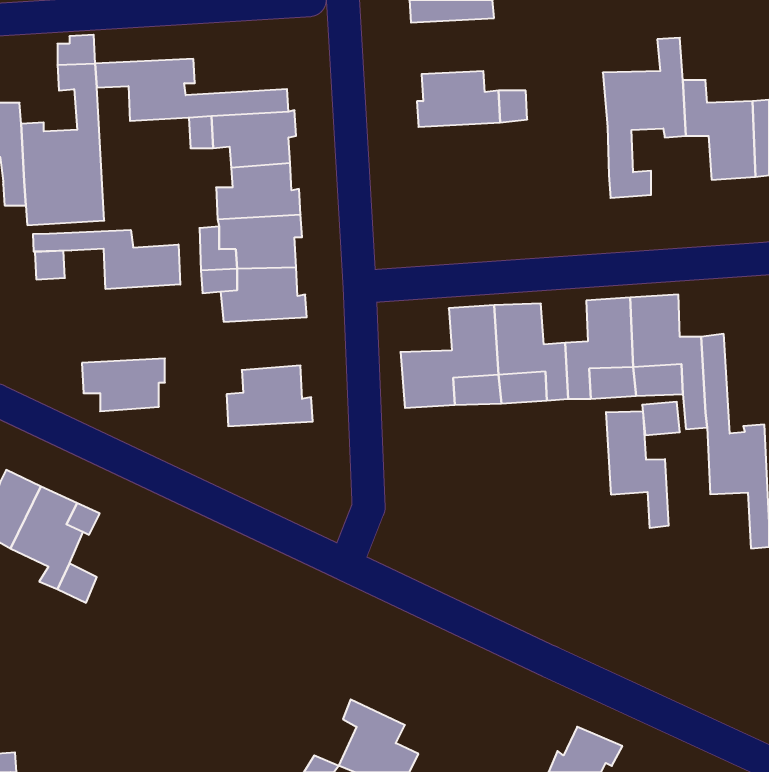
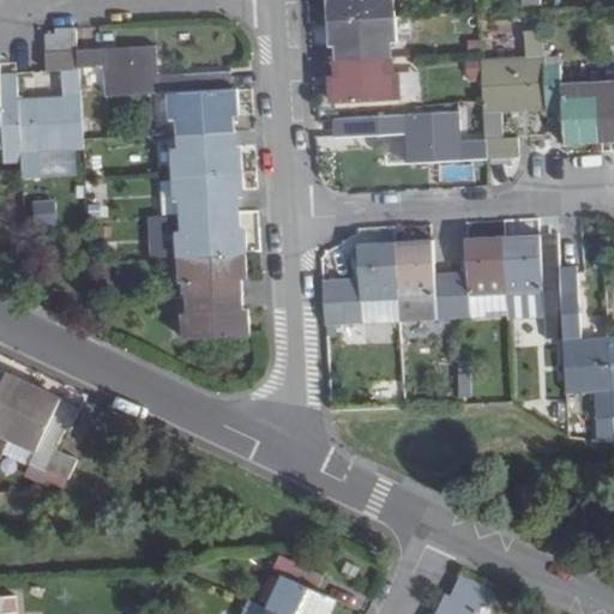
building: none -> [326,14,395,59]
building: none -> [333,112,484,162]
building: [33,230,180,289] -> none
building: [82,358,165,411] -> [177,252,243,294]
building: [606,411,669,528] -> none

